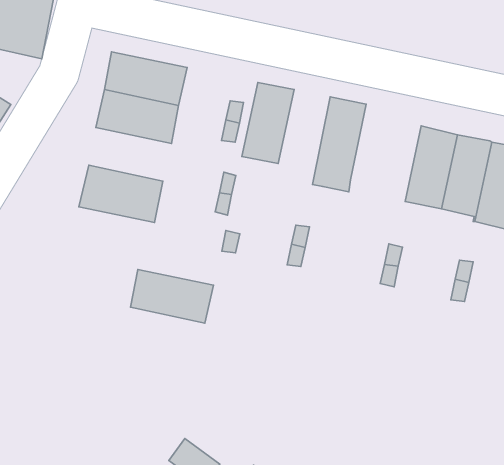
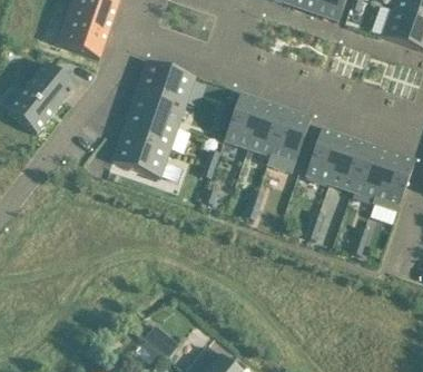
building: none -> [247,100,287,165]
building: none -> [305,127,345,184]
building: [131,269,213,323] -> [121,109,178,150]

